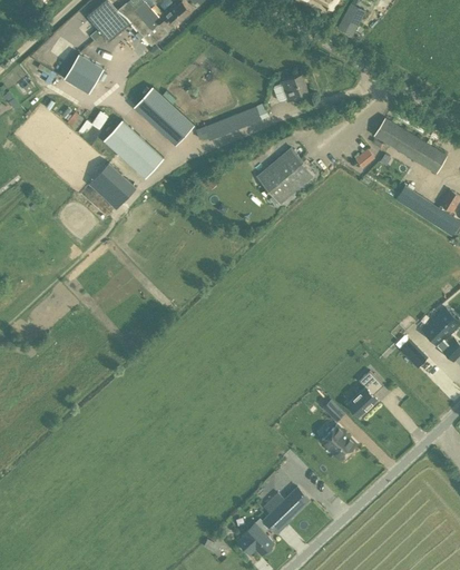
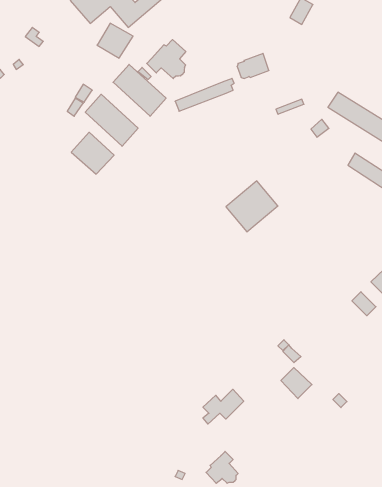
building: [65,53,105,92] -> [97,23,133,58]
building: none -> [147,40,186,79]
building: [256,148,314,205] -> [226,181,278,232]
building: [348,371,383,416] -> none
building: [264,487,310,525] -> [203,389,244,424]

